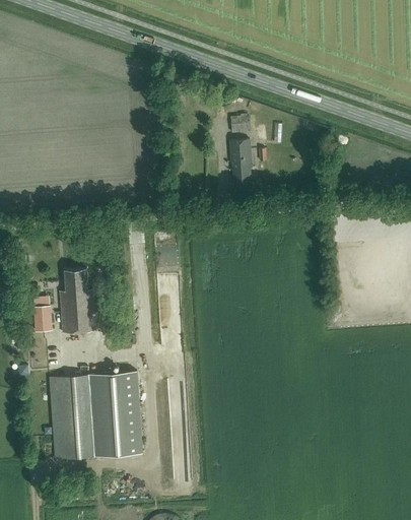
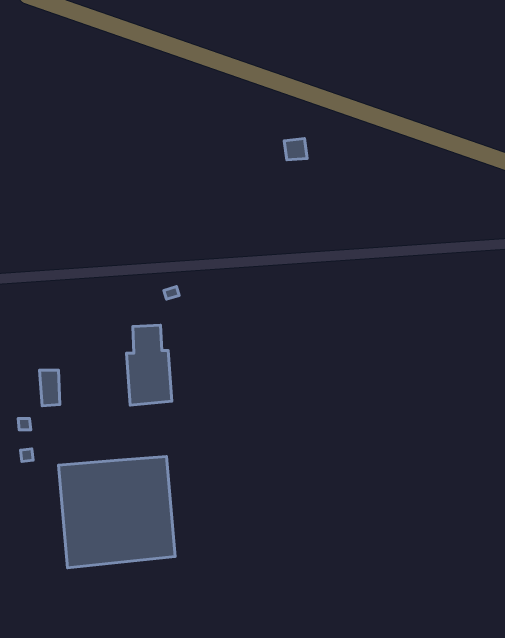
building: [230,140,252,183] -> none
building: [60,270,96,334] -> [126,325,172,405]

